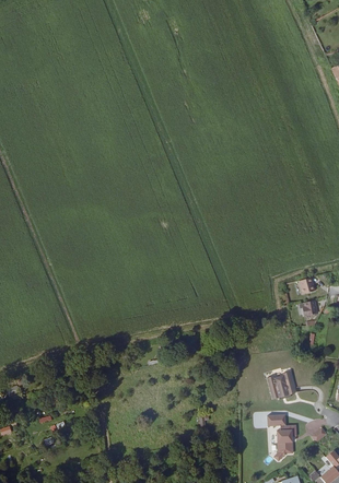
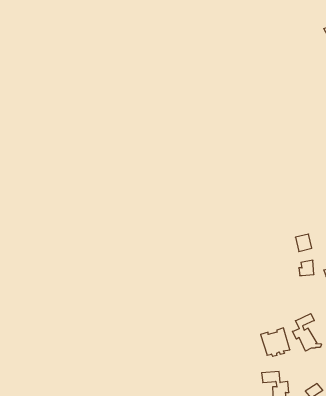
building: none -> [292,314,321,351]

